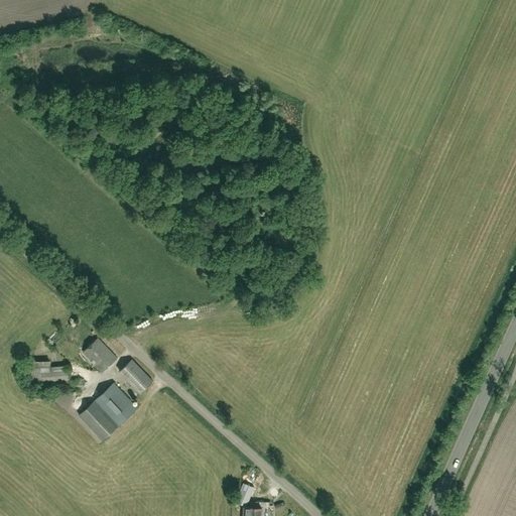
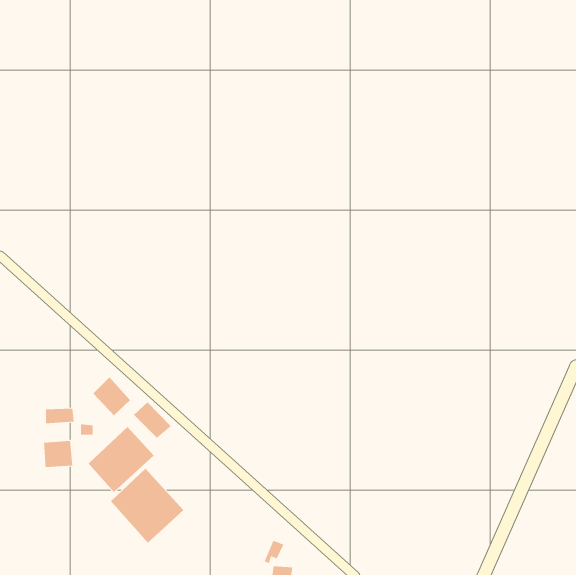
building: none -> [43,440,73,468]
building: none -> [110,468,184,543]

